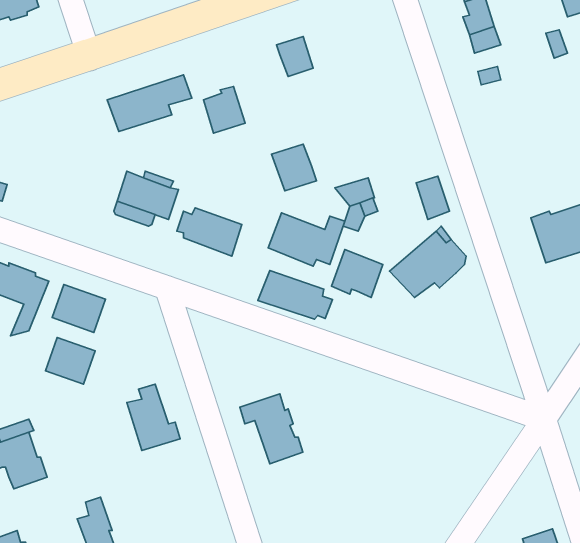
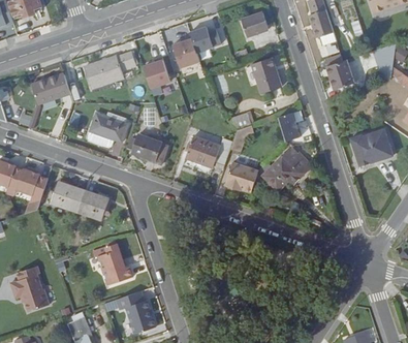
building: none -> [243,13,269,37]
building: none -> [251,58,281,93]
building: none -> [326,60,353,89]
building: none -> [34,71,72,103]
building: [272,144,316,191] -> [174,37,201,66]
building: [258,270,332,319] -> none
building: [45,338,95,384] -> [77,189,108,218]
building: [240,394,303,464] -> [116,289,155,333]

